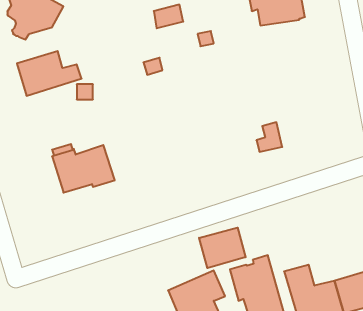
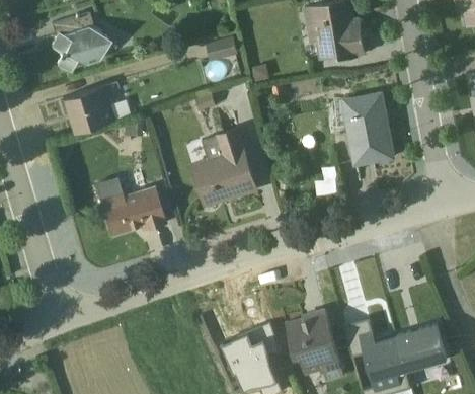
building: none -> [334,90,395,161]
building: none -> [191,129,257,207]
building: [199,228,246,268] -> none

